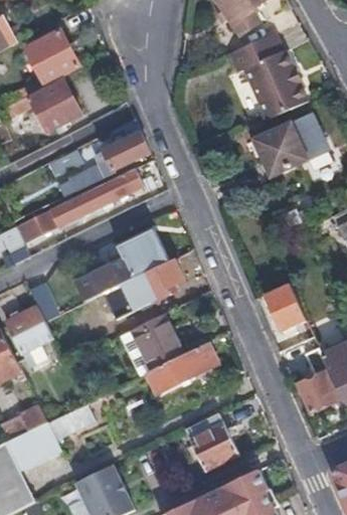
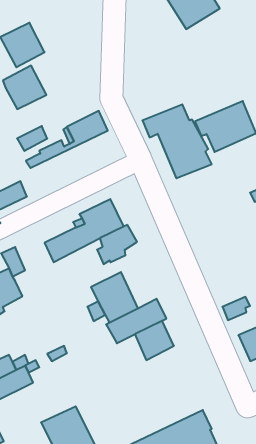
building: [233,34,312,118] -> [142,104,212,178]
building: [51,167,144,226] -> none
building: [265,282,307,333] -> none
building: [192,424,236,469] -> [135,321,174,360]

